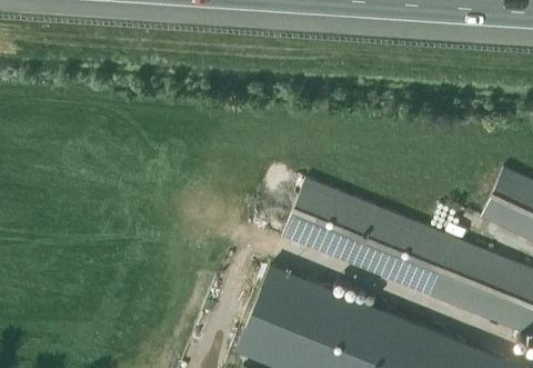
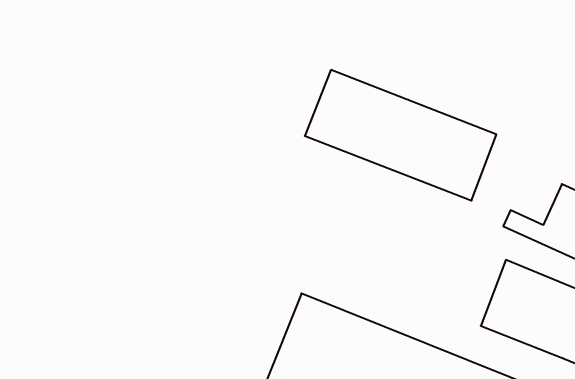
building: [282,179,453,296] -> [305,70,496,201]

